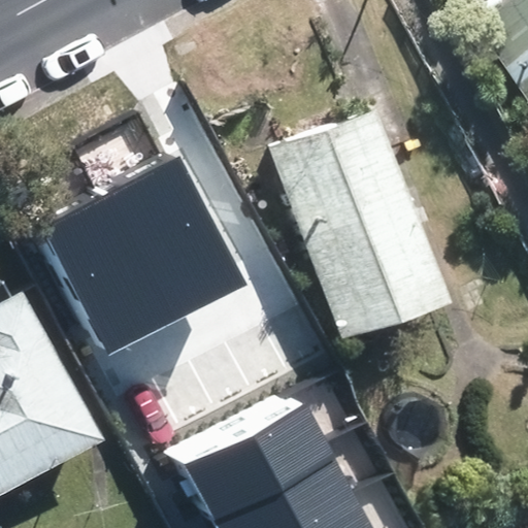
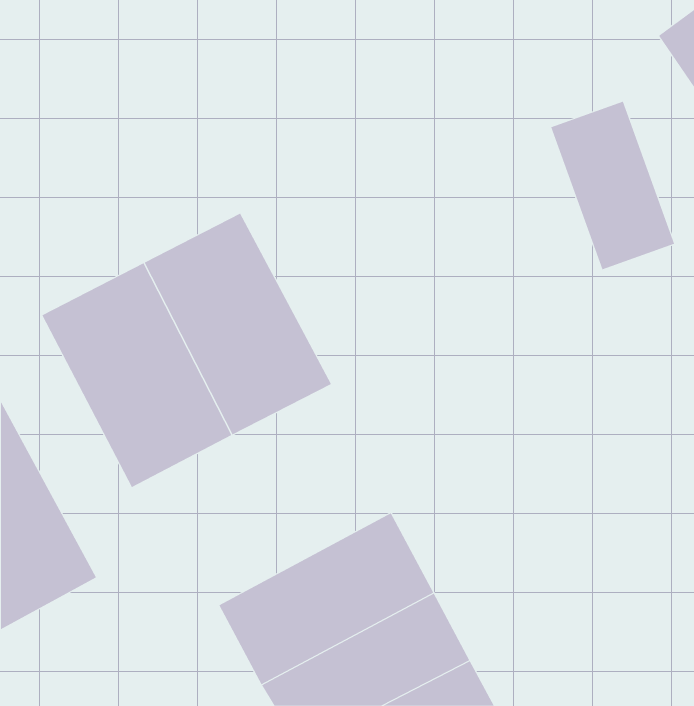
building: none -> [551,101,675,270]
building: [277,120,423,319] -> none

